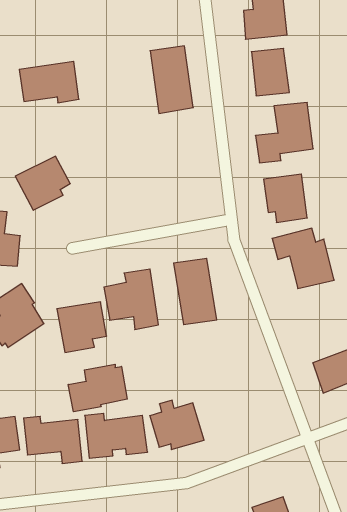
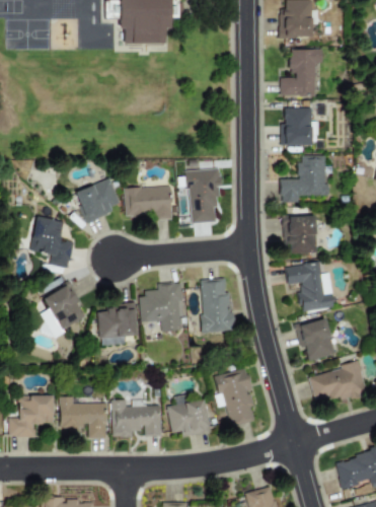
building: [150,46,193,113] -> [189,168,220,223]
building: [19,61,79,103] -> [125,186,172,219]
building: none -> [298,318,335,361]
building: none -> [215,367,255,426]
building: [68,364,127,412] -> none

